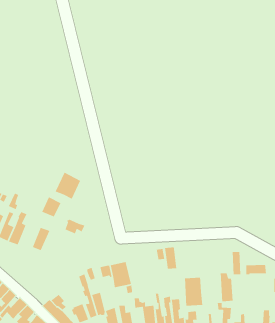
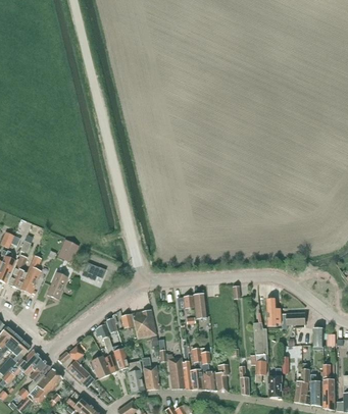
building: [55,172,81,200] -> none
building: [184,277,203,307] -> none

